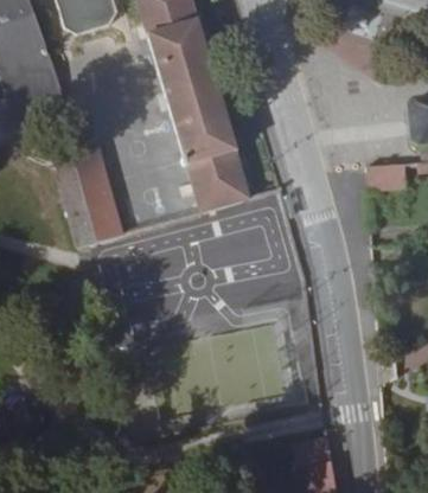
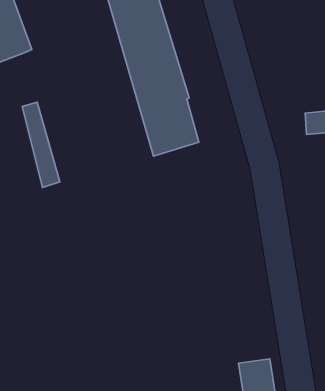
building: [71,147,121,242] -> none

